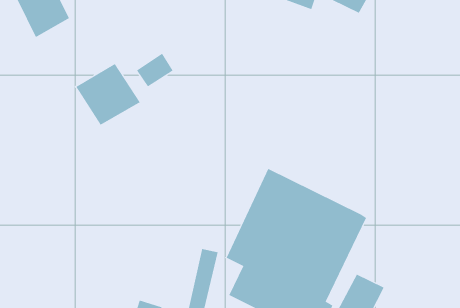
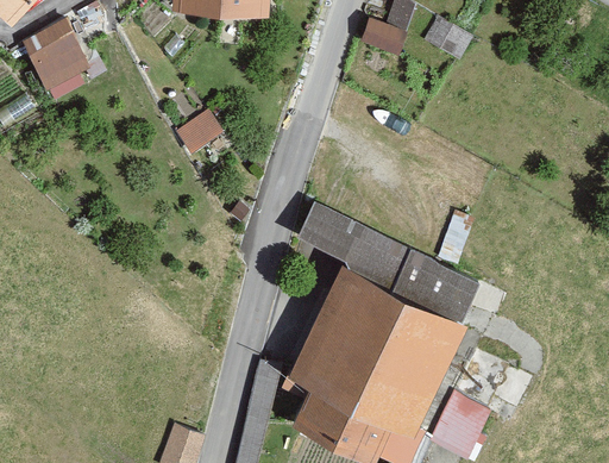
building: [76,63,141,125] -> none
building: none -> [299,204,479,317]

